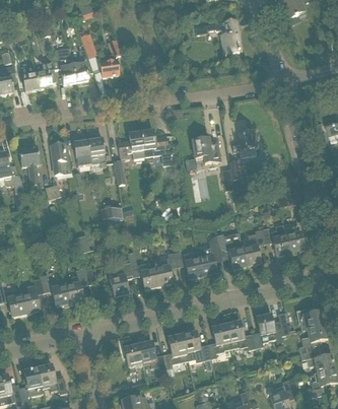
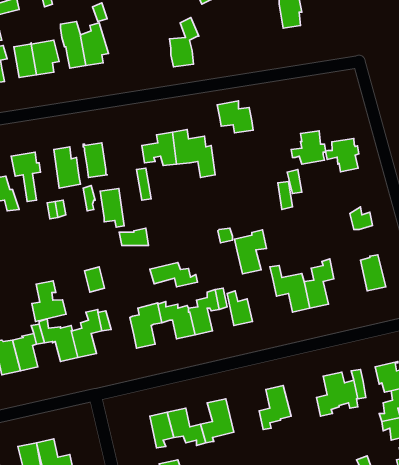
building: [99,38,122,75] -> [170,18,199,67]
building: none -> [326,139,359,172]
building: [87,137,106,166] -> [100,189,124,227]
building: [192,137,219,161] -> [217,101,253,133]
building: [261,223,289,255] -> none
building: none -> [150,263,197,287]
building: [196,242,220,275] -> [234,230,266,274]
building: none -> [32,281,66,321]
building: [225,321,254,348] -> none
building: [182,331,210,360] -> none

